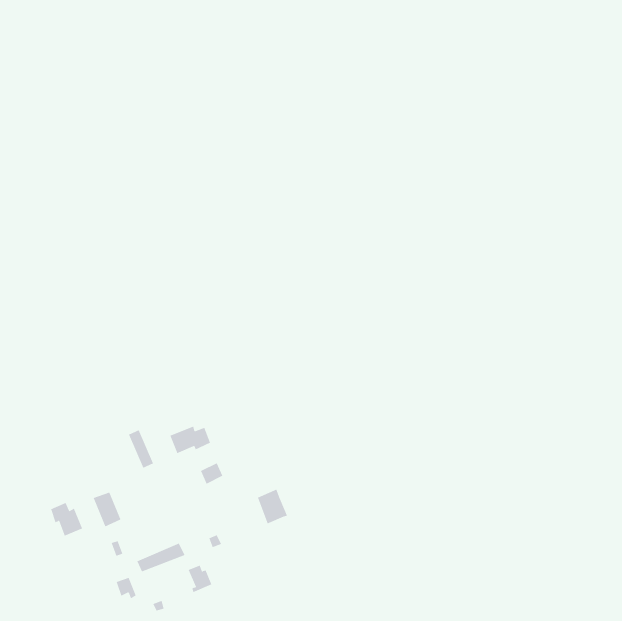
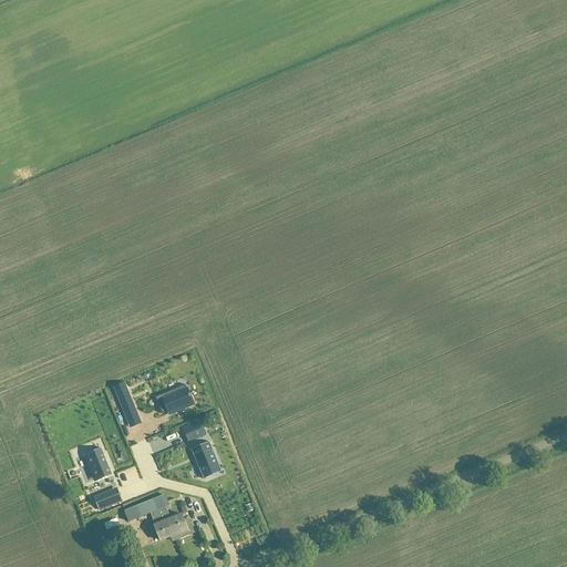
building: [257,489,288,524] -> [190,440,218,472]
building: [50,502,83,536] -> none
building: none -> [150,505,177,539]

